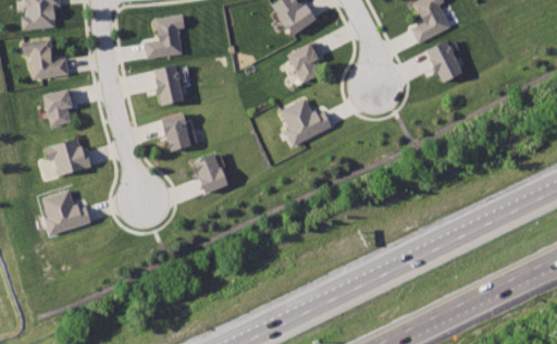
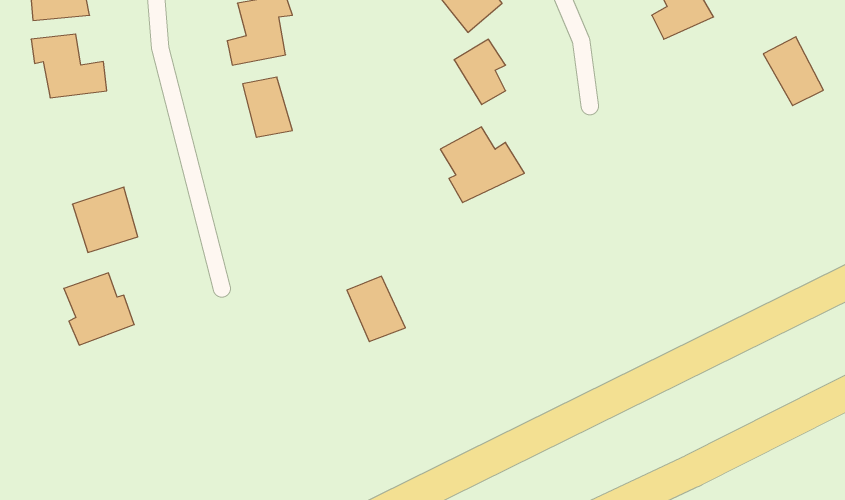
building: [428,39,466,83] -> [763,37,823,106]
building: [42,88,74,127] -> none
building: [161,113,191,150] -> none
building: [194,152,231,194] -> [347,276,405,342]

